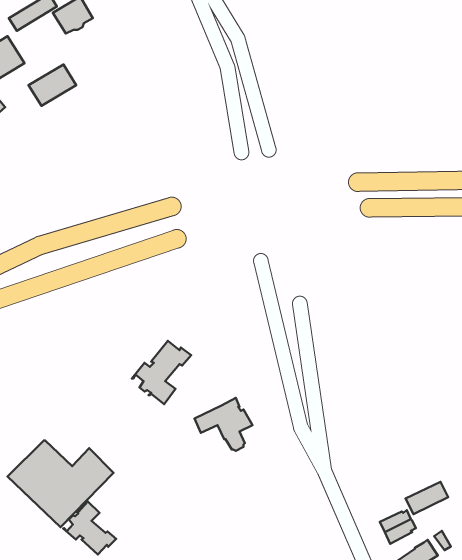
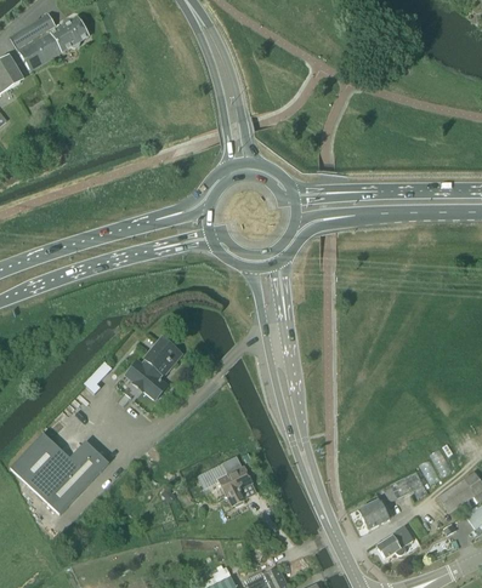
building: [28,65,76,106] -> [19,32,64,70]
building: [194,398,253,451] -> [198,456,253,506]
building: [63,502,116,554] -> none

